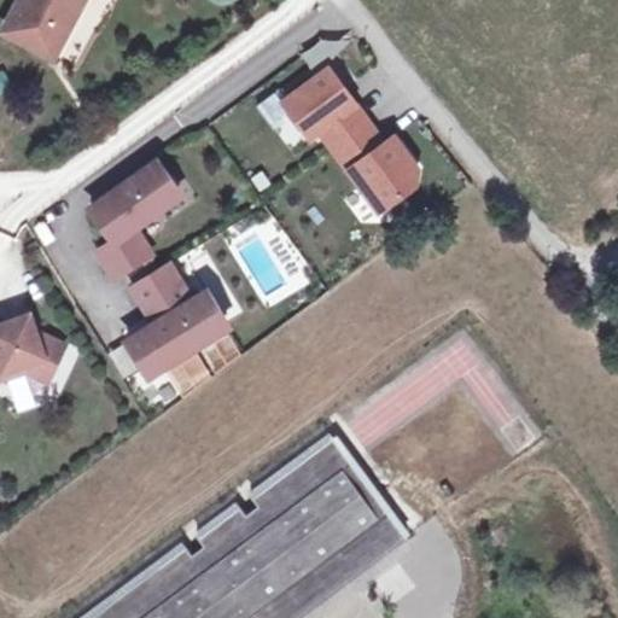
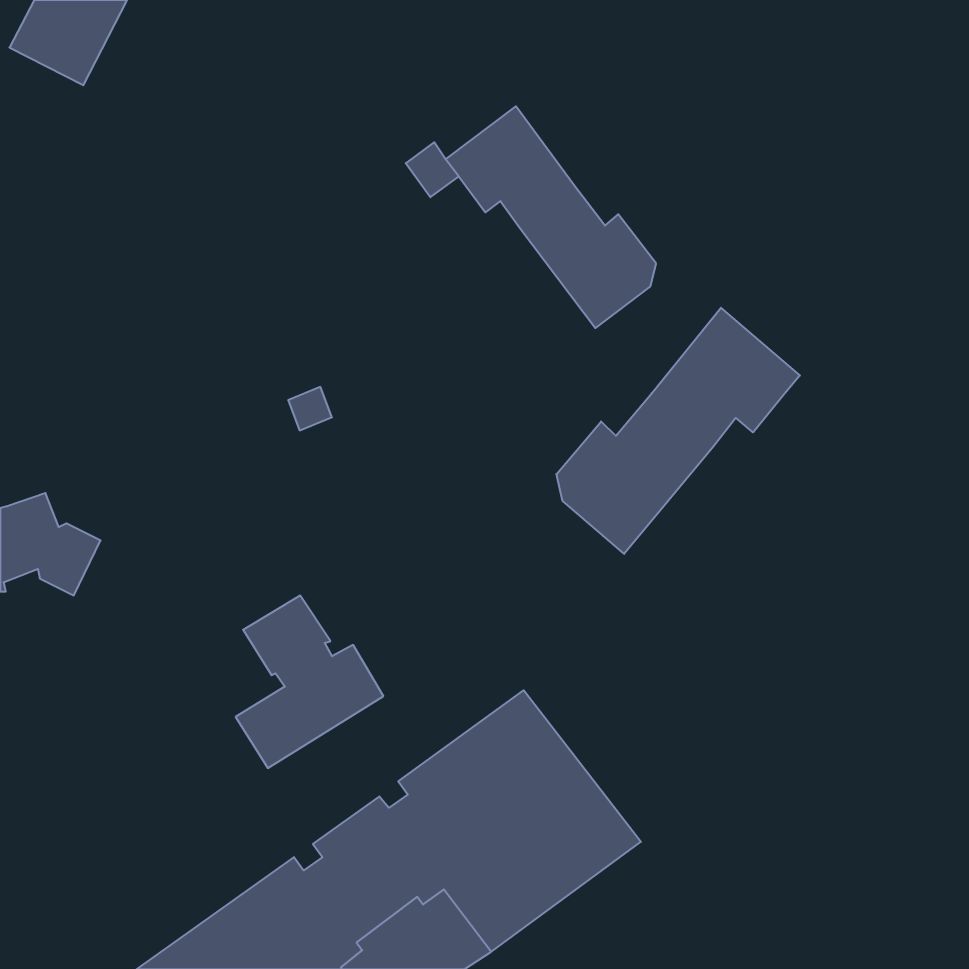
building: [92,165,175,279] -> none
building: none -> [556,308,800,554]
building: [128,264,222,374] -> [236,596,383,768]

